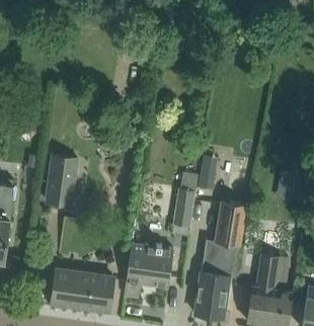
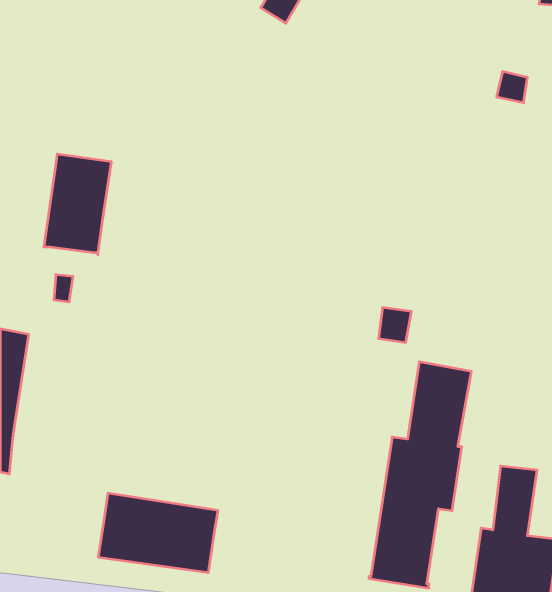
building: [45,154,80,207] -> [44,154,111,255]
building: [172,172,197,235] -> none
building: [125,242,174,297] -> none

